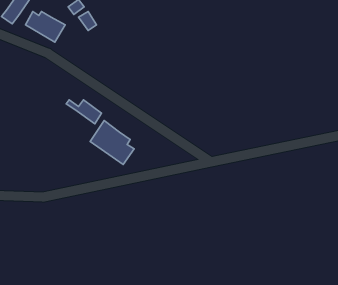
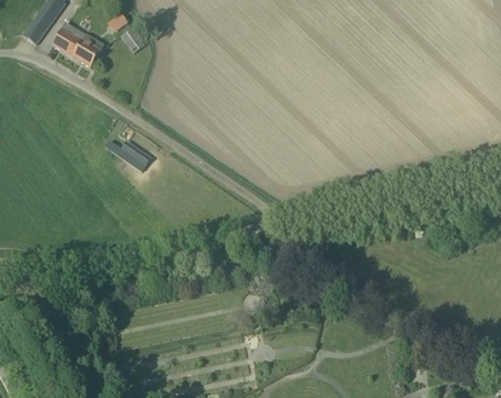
building: [90,121,134,164] -> none

